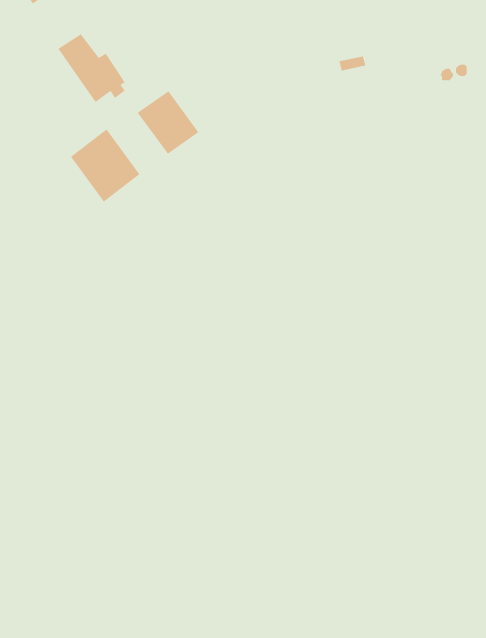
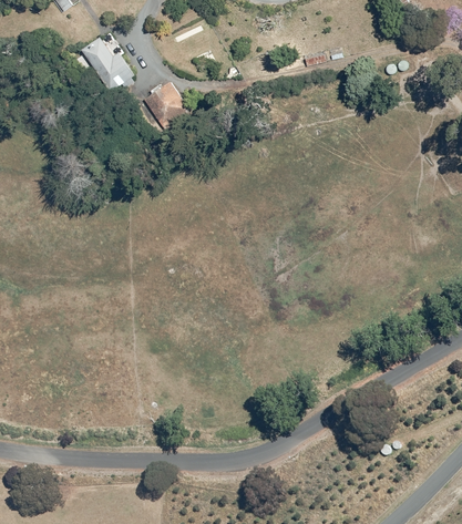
building: [70,129,140,203] -> none

